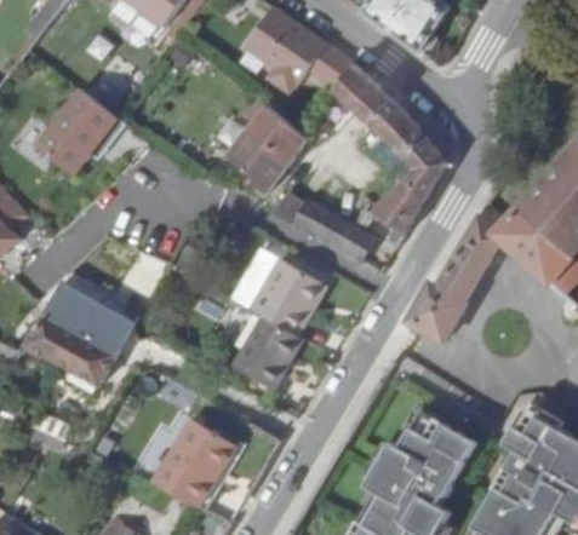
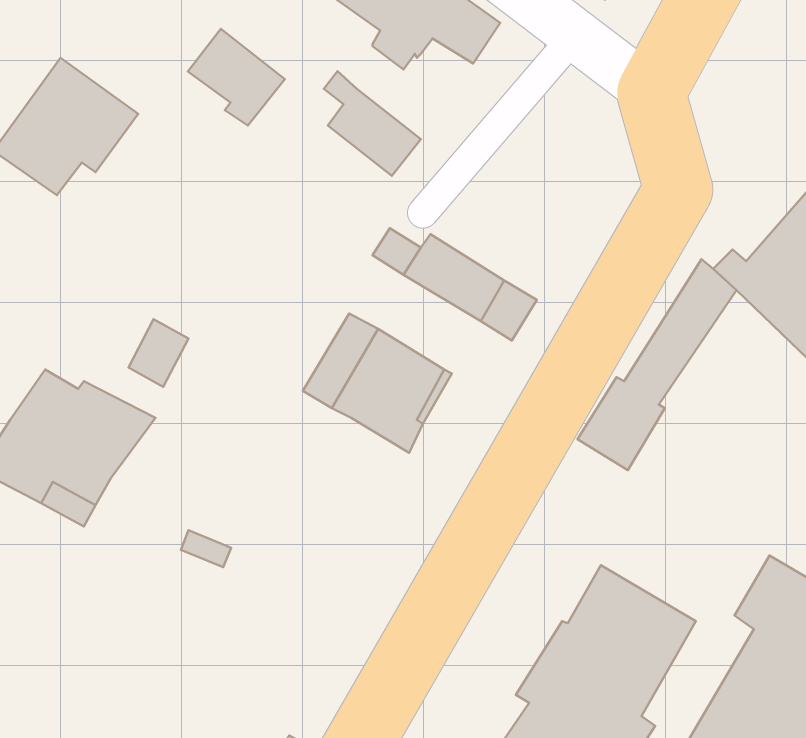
building: [339,68,445,238] -> none
building: [228,132,288,192] -> [188,29,285,126]
building: [234,315,303,390] -> none
building: [155,415,239,504] -> none

